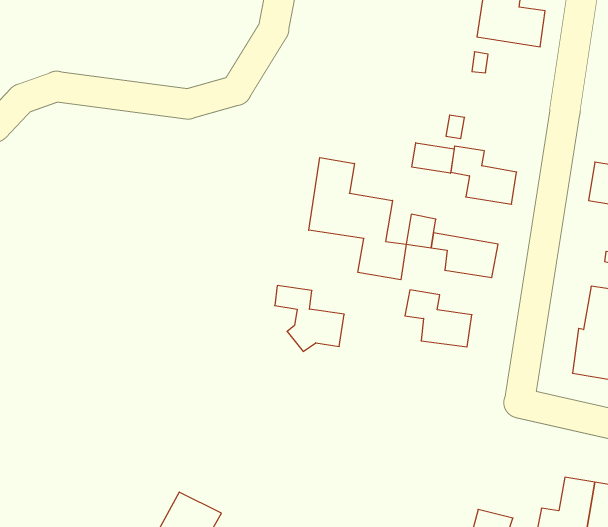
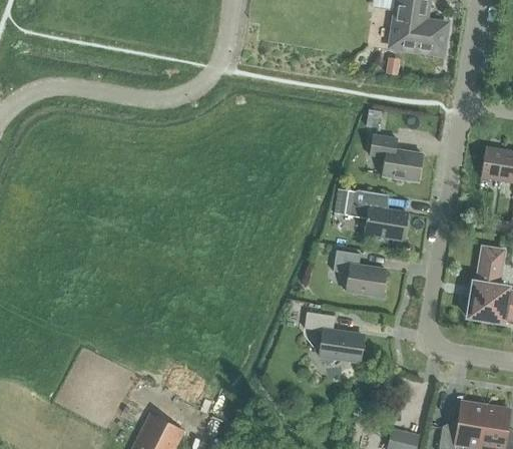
building: [412,143,454,173] -> none
building: [309,158,406,280] -> none
building: [275,286,344,351] -> [305,312,361,365]

